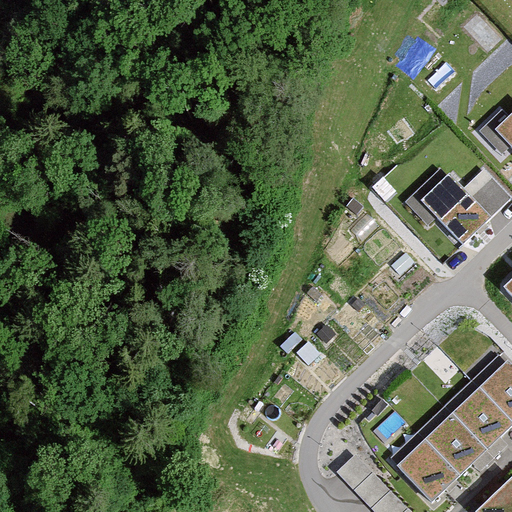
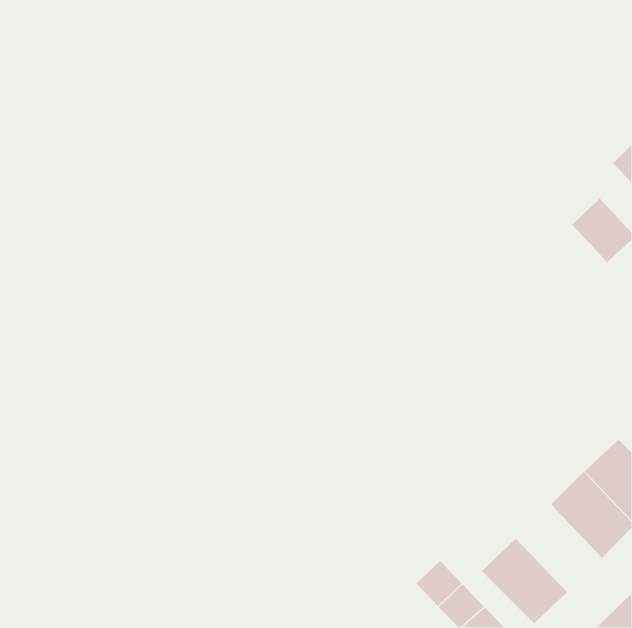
building: [421,176,491,246] -> none
building: [417,408,487,479] -> none

